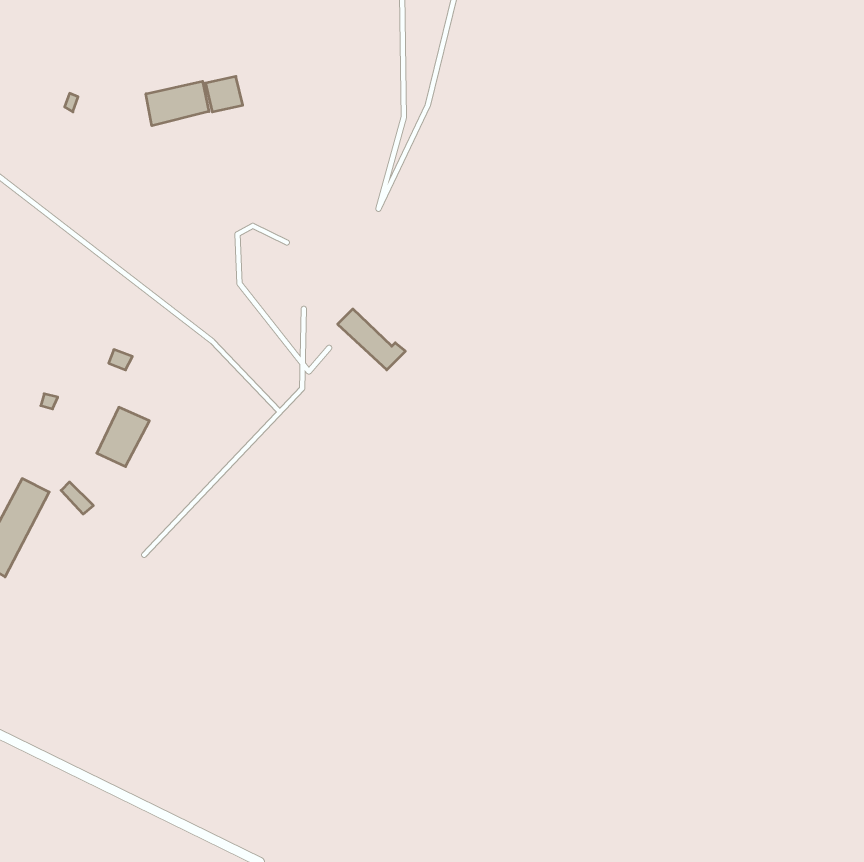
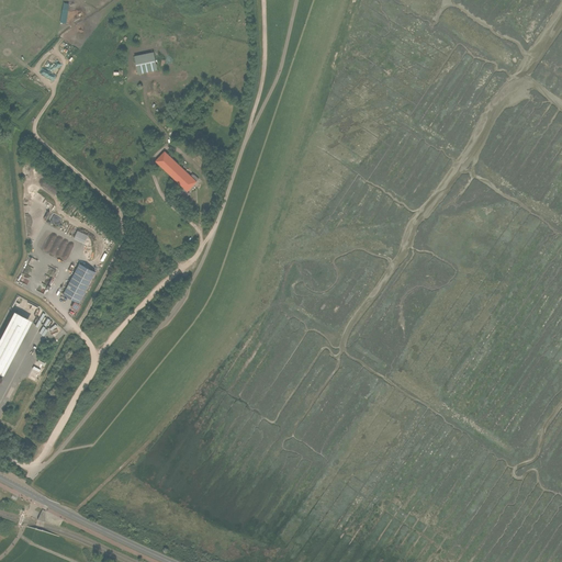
building: [146,81,209,126] -> none
building: [338,309,405,370] -> [154,151,198,191]

